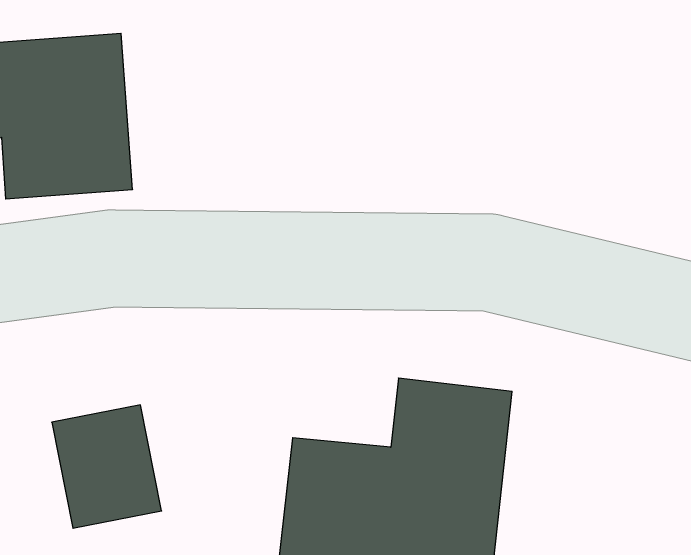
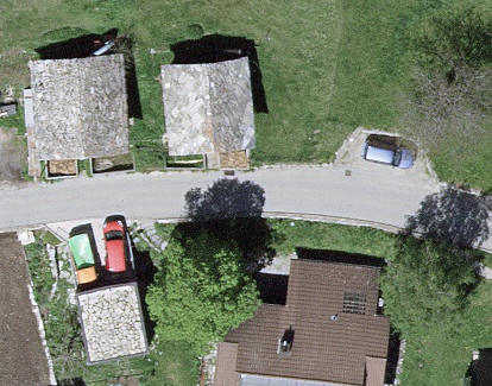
building: none -> [160,55,242,159]

